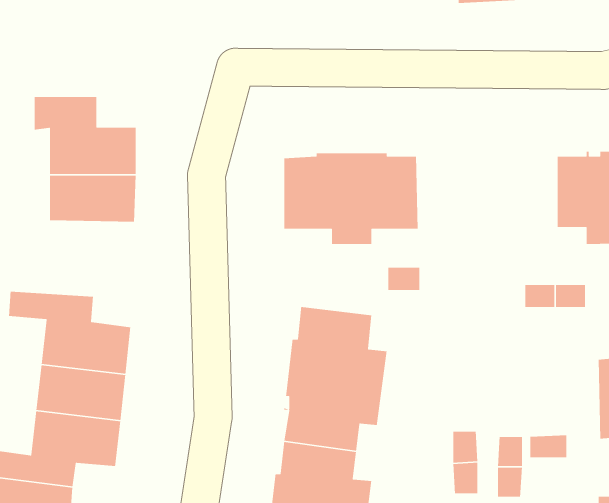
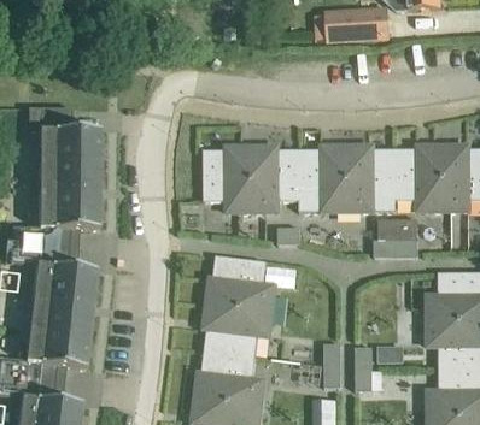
building: none -> [298,146,397,214]
building: none -> [11,195,99,248]
building: none -> [379,219,417,240]

